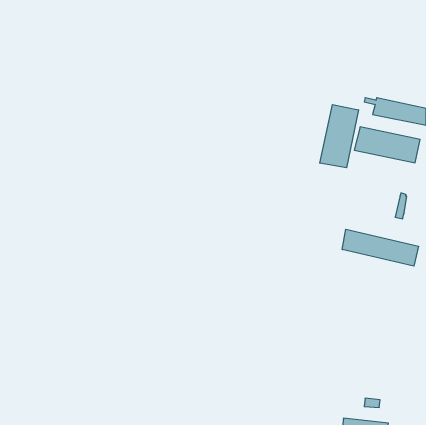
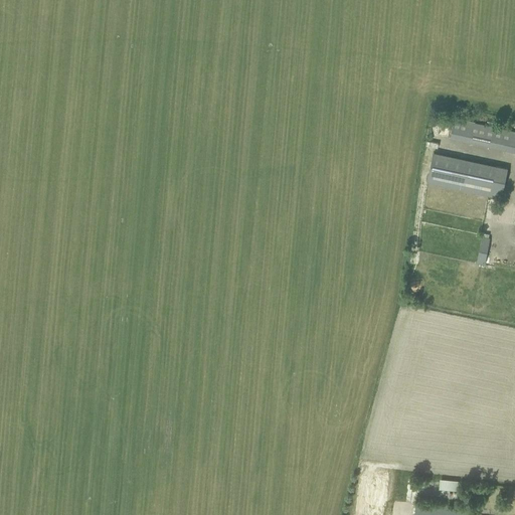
building: [320,105,358,168] -> none
building: [342,229,418,266] -> none

